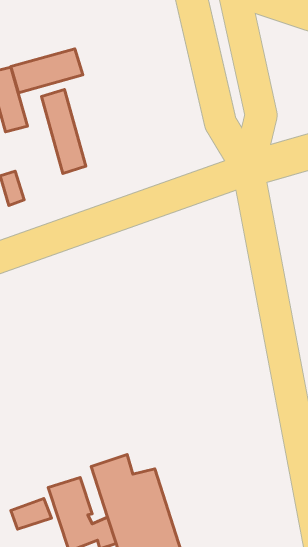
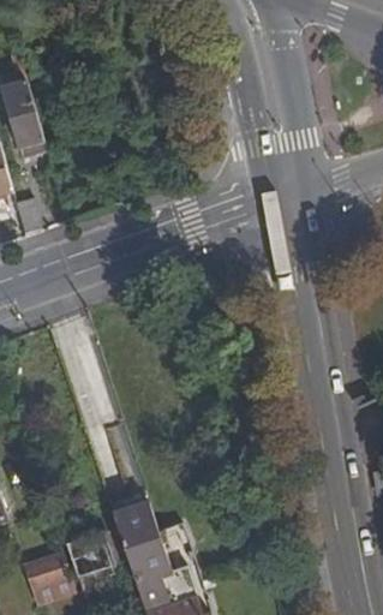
building: [11,49,83,93] -> none
building: [42,89,86,173] -> none

